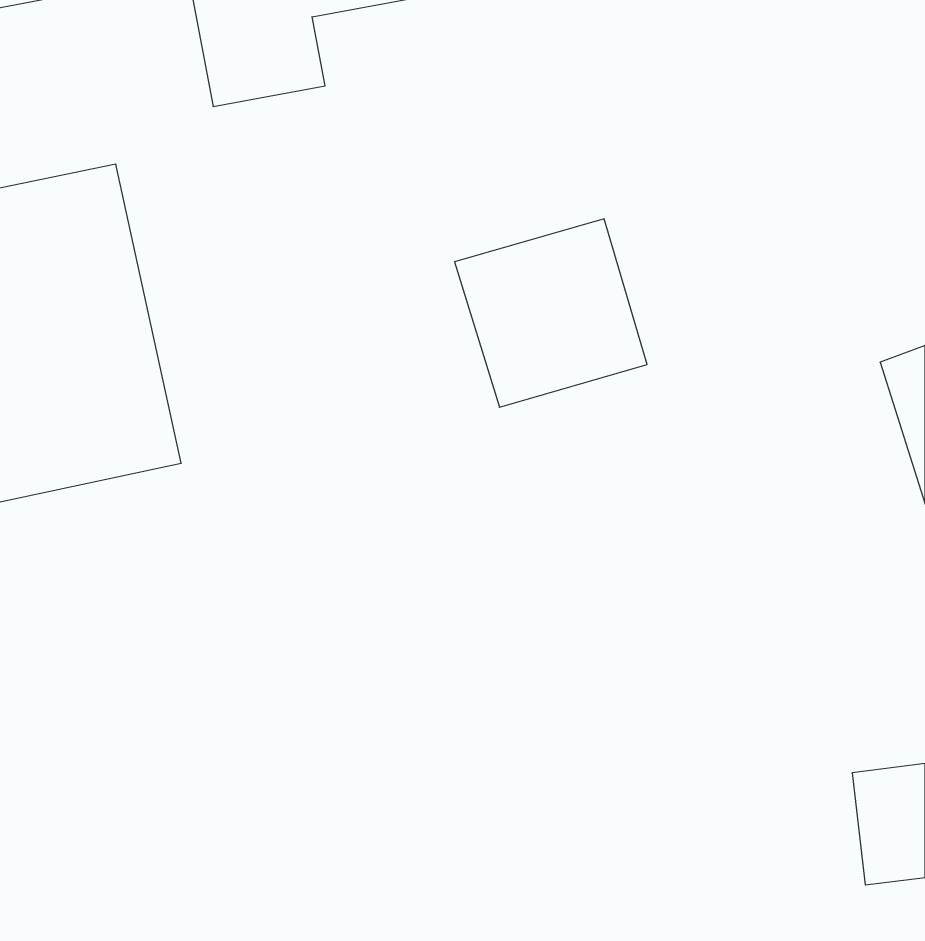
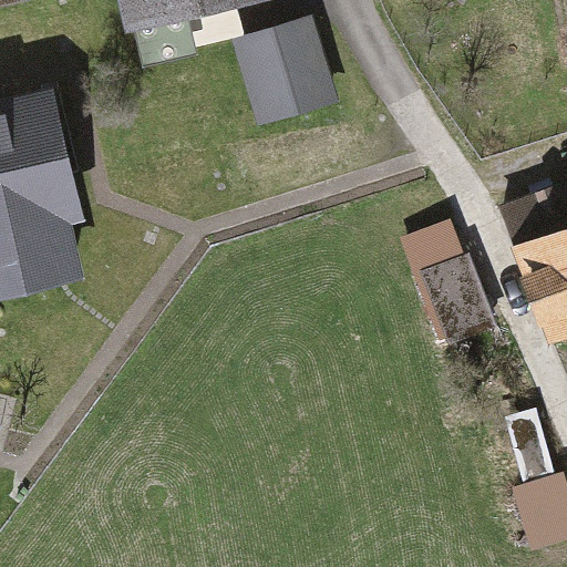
building: [455,219,647,407] -> [229,13,343,125]
building: none -> [405,224,491,341]

